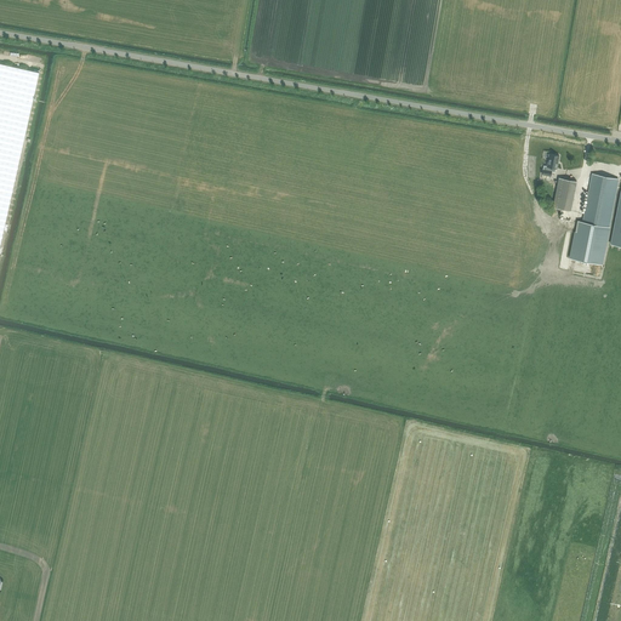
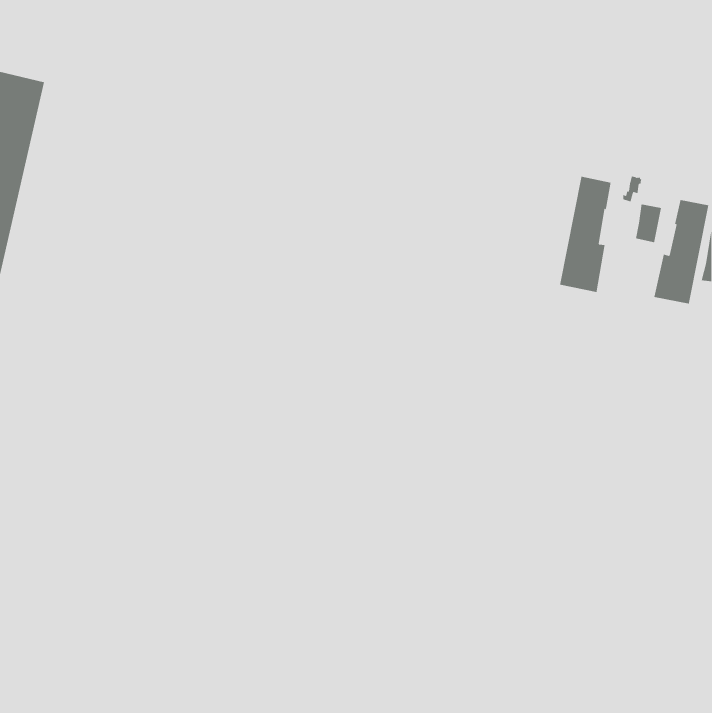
building: none -> [560,176,611,293]

